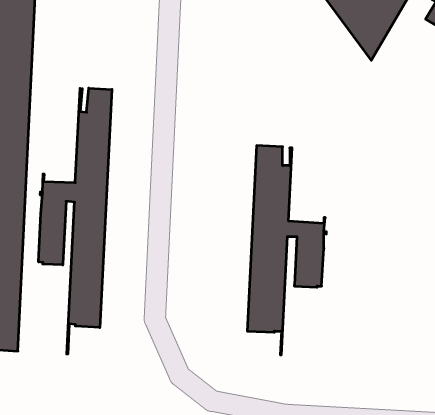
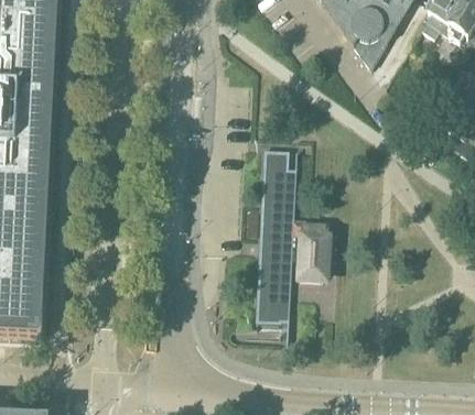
building: [39,88,112,354] -> none

